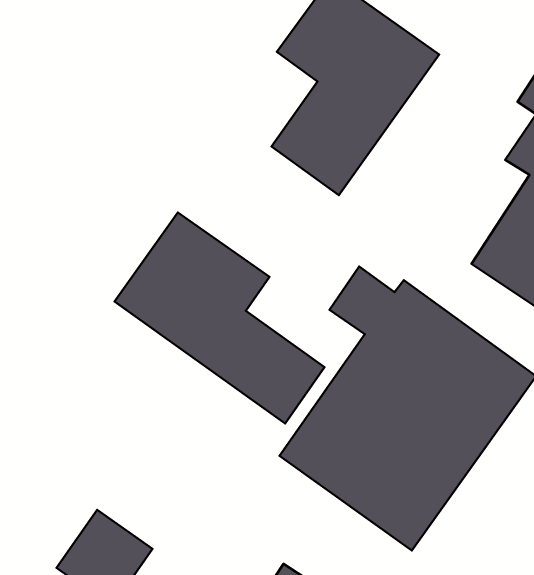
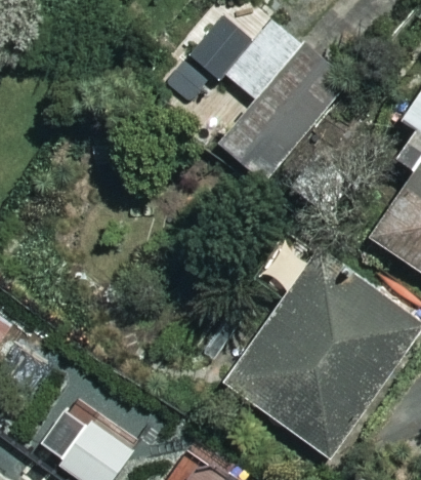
building: [114,212,325,423] -> none

